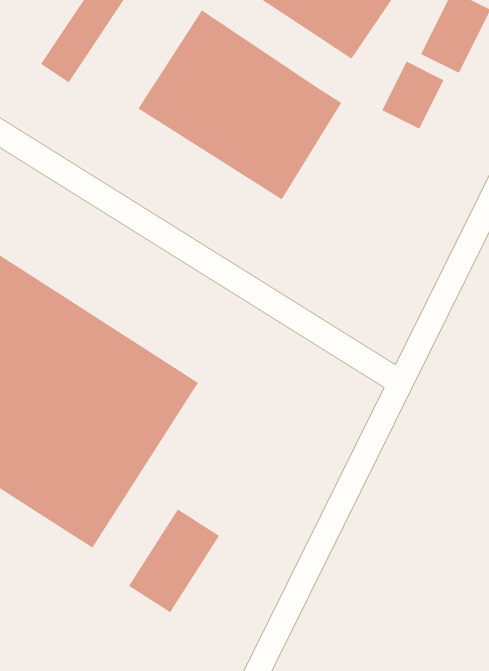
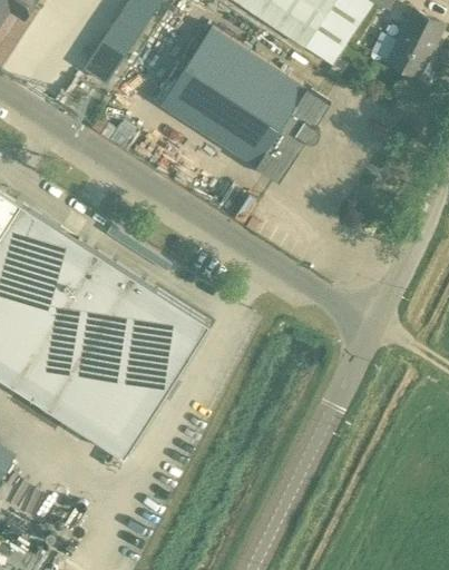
building: [382,61,444,130] -> none
building: [128,508,220,613] -> none

